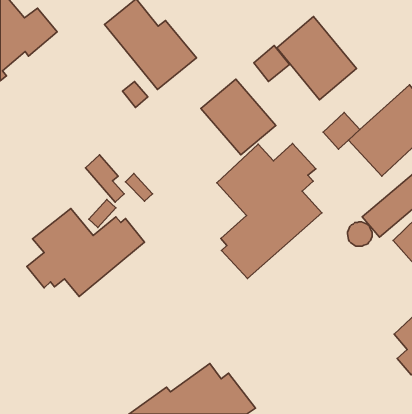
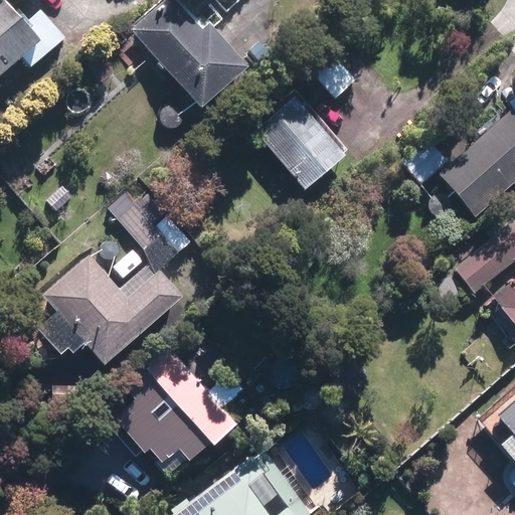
building: [277,17,356,100] -> none
building: [217,143,322,278] -> none
building: none -> [114,348,244,474]

